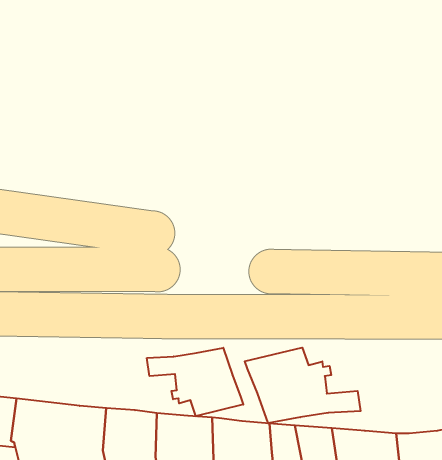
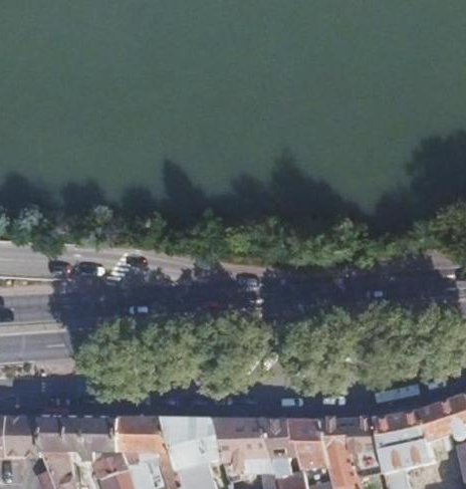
building: [245,348,361,423] -> none
building: [147,348,243,416] -> none

